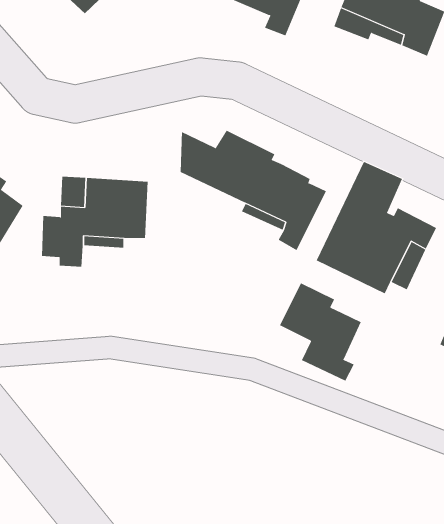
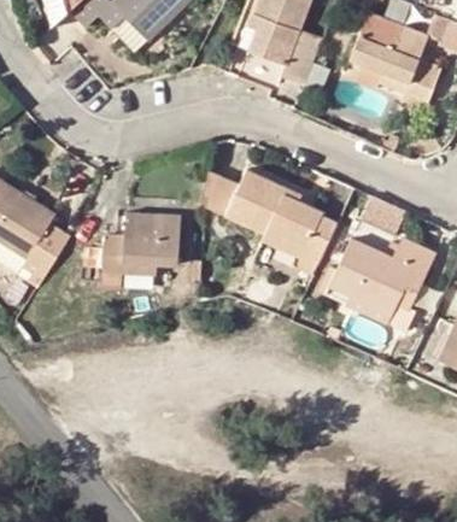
building: [279,282,362,382] -> none

